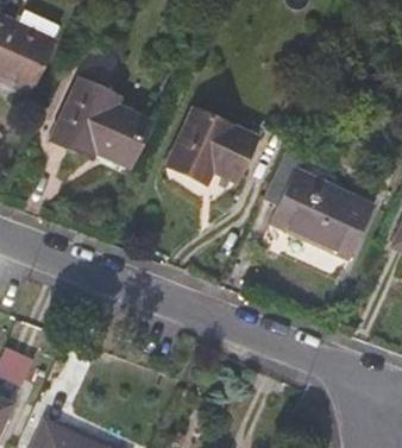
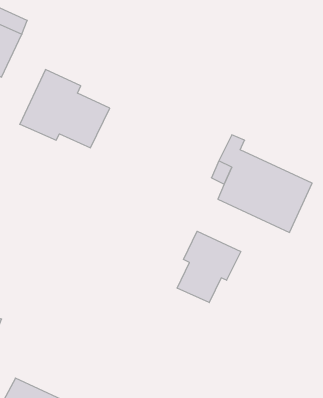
building: [168,107,257,183] -> none
building: none -> [177,231,241,303]

